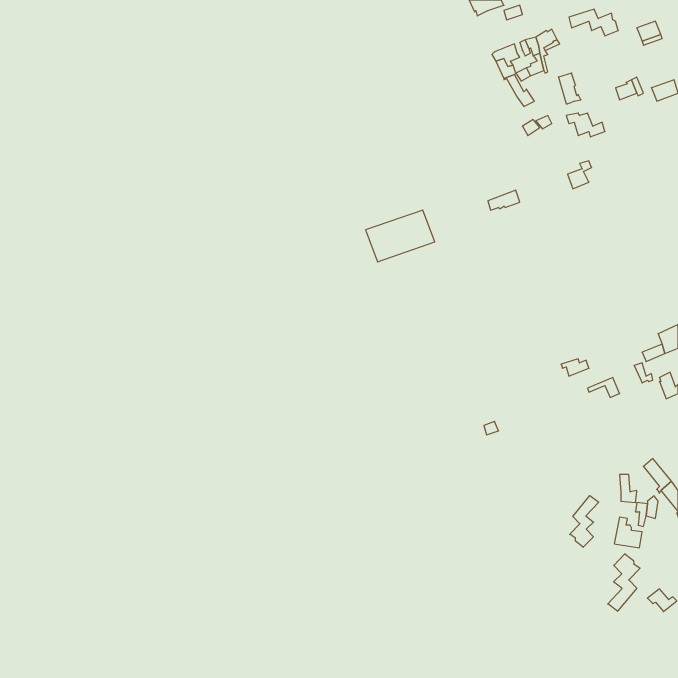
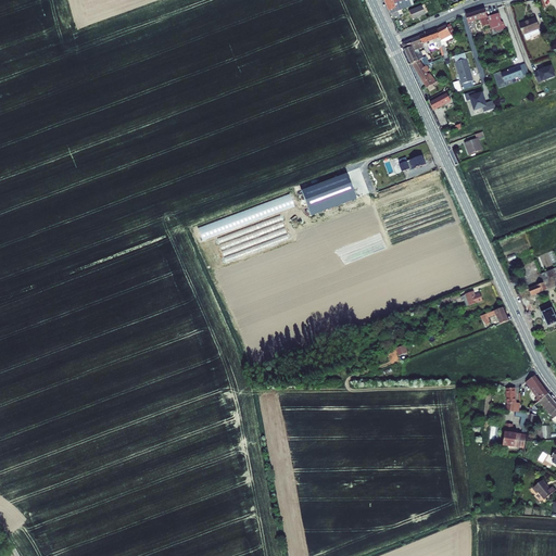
building: [570,496,599,547] -> none
building: [608,554,640,611] -> none

